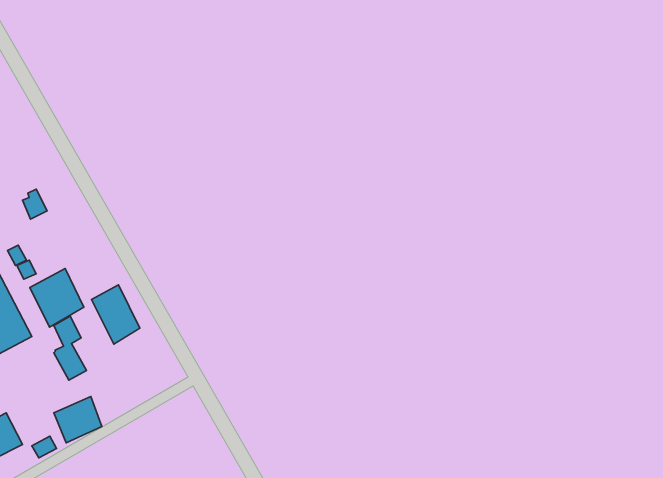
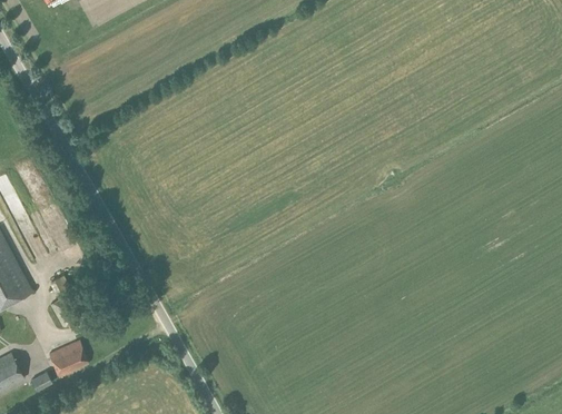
building: [30,269,84,327] -> none
building: [92,285,140,344] -> none

